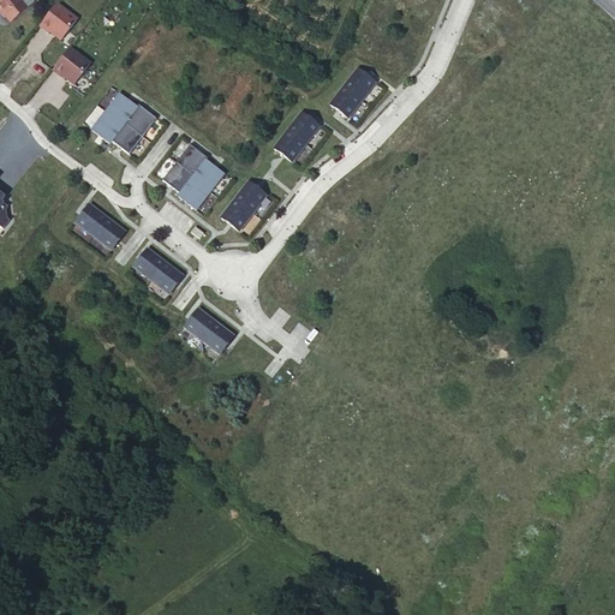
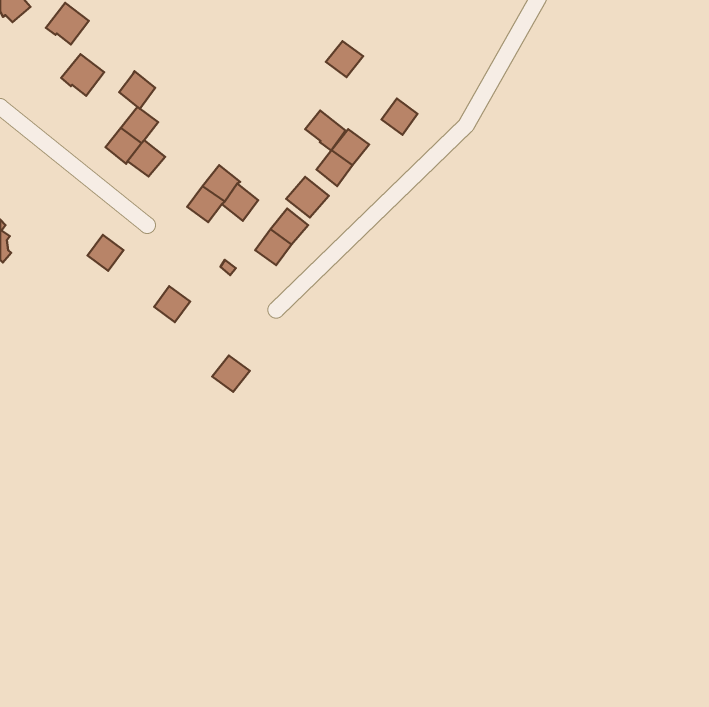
building: [344,67,376,98] -> [326,41,363,77]
building: none -> [305,110,346,151]
building: [125,103,156,136] -> [119,71,155,109]
building: none -> [286,177,329,218]
building: [178,177,210,209] -> none
building: [94,216,125,249] -> none
building: [151,261,183,293] -> none
building: [202,321,234,353] -> none

